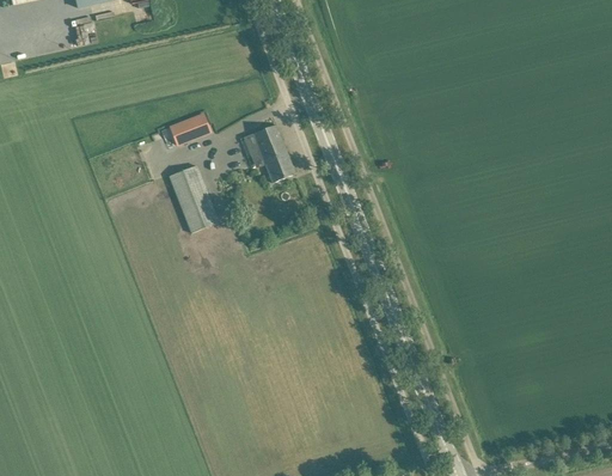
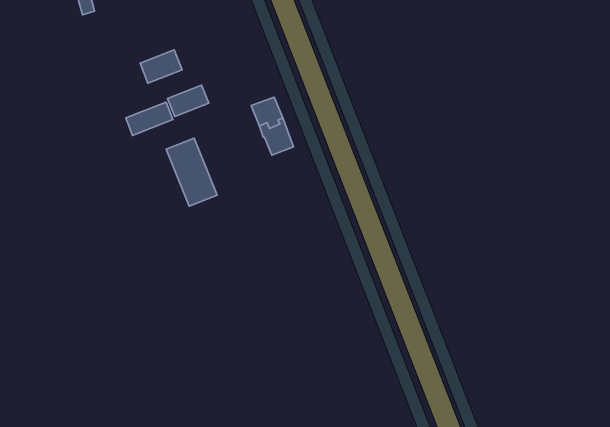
building: none -> [140,50,182,83]
building: none -> [126,102,173,135]

